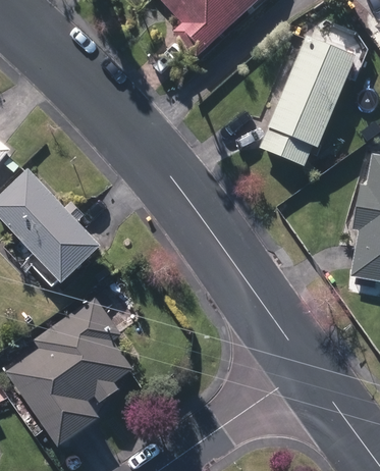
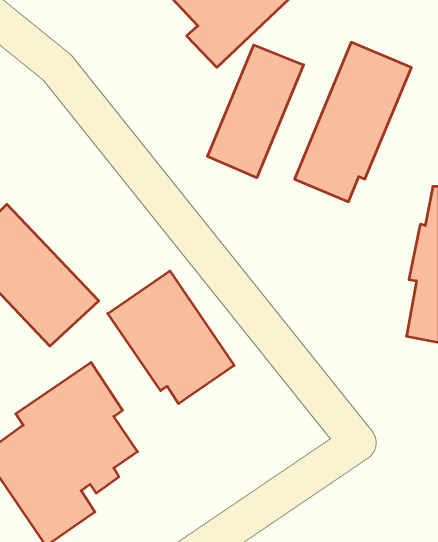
building: none -> [207,45,304,178]
building: none -> [108,271,234,404]

